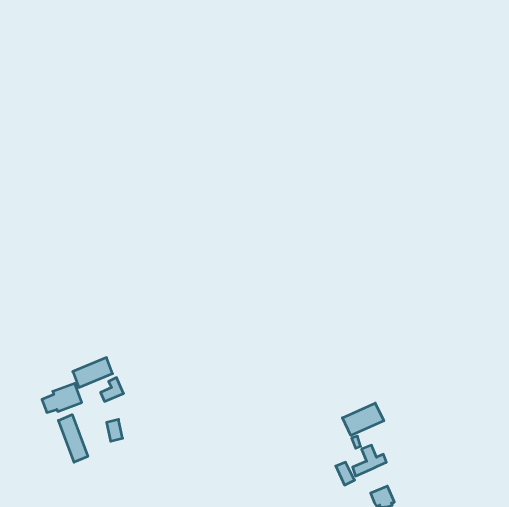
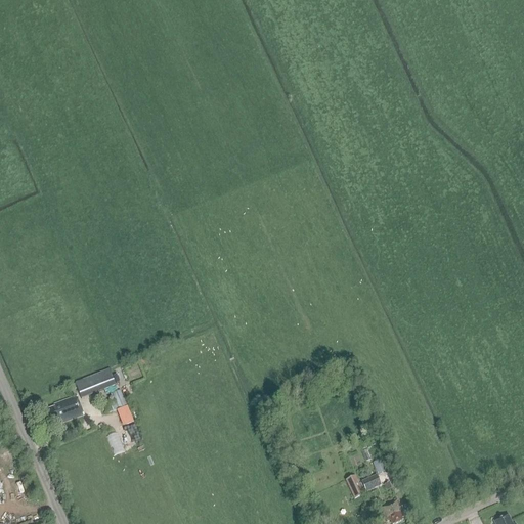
building: [342,403,384,435] -> none
building: [58,415,88,462] -> none

